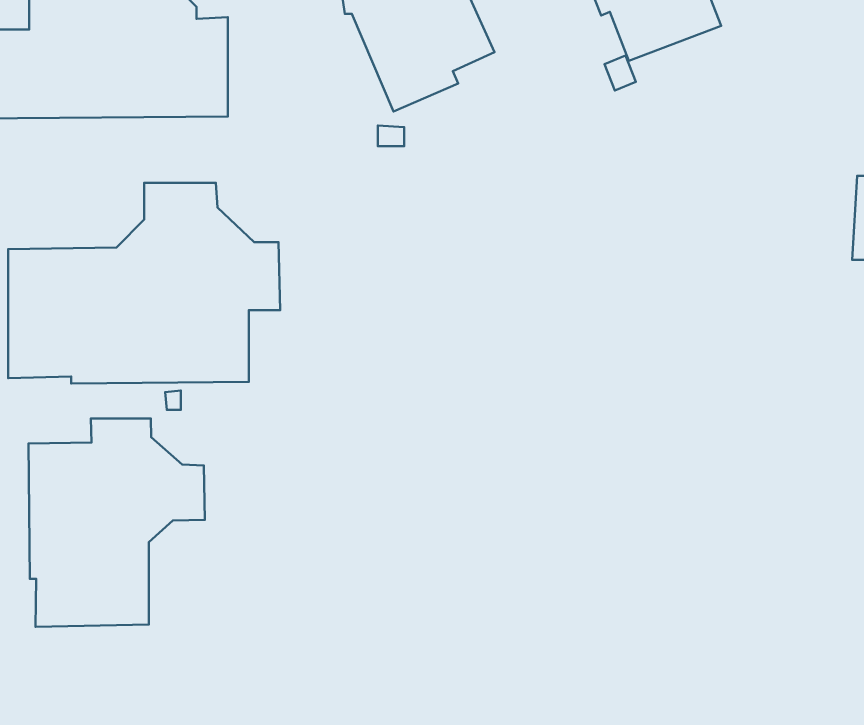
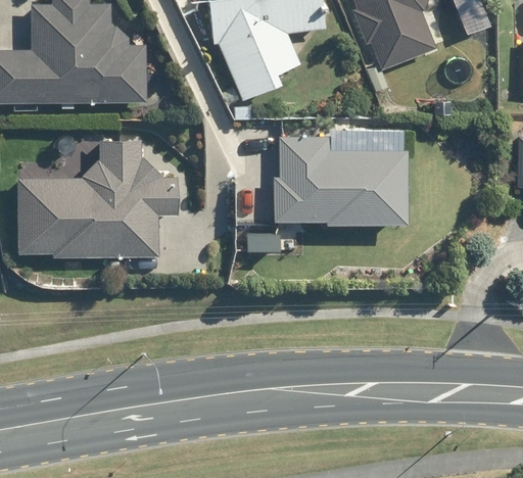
building: none -> [272,134,403,224]
building: [29,418,205,627] -> none

